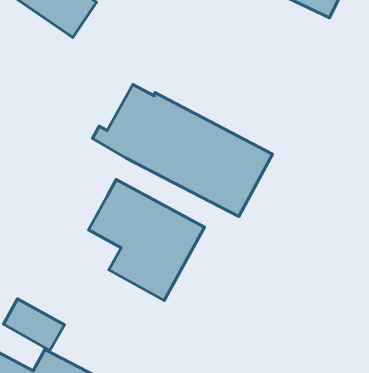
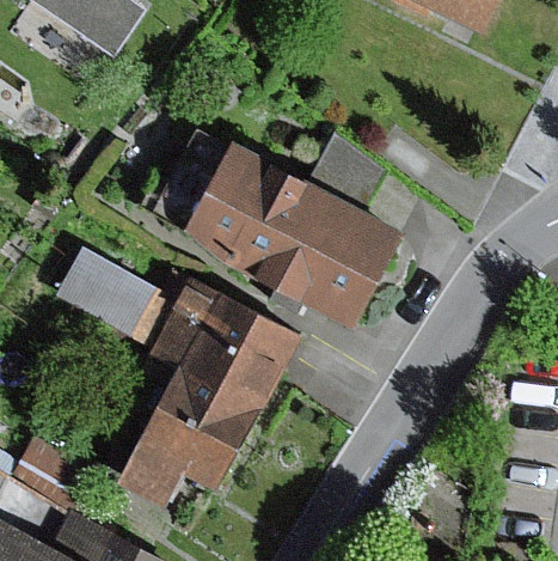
building: none -> [55,246,160,340]
building: none -> [118,398,243,507]

